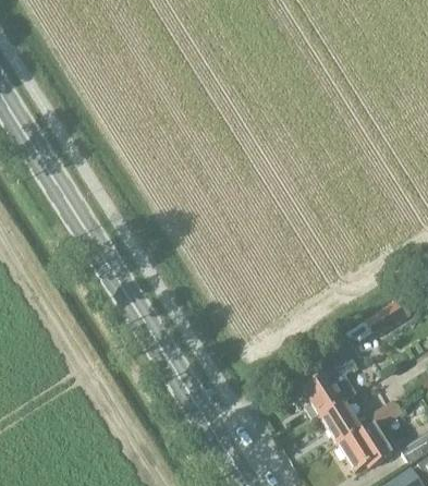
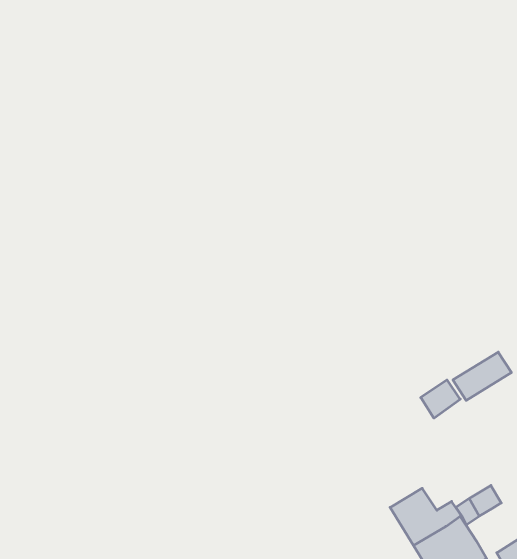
building: [304,354,358,415] -> none

